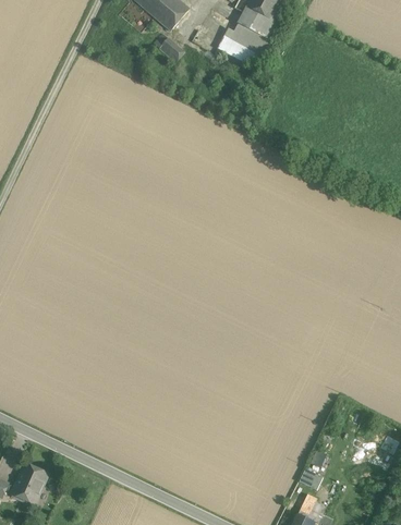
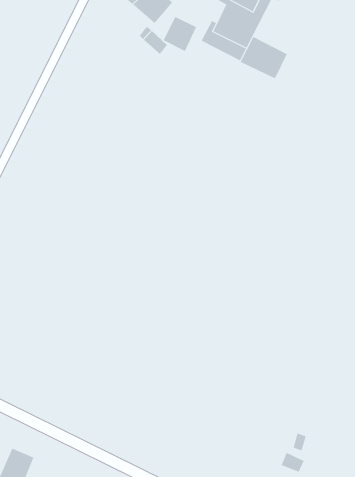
building: none -> [163,16,197,52]
building: none -> [240,36,288,79]

